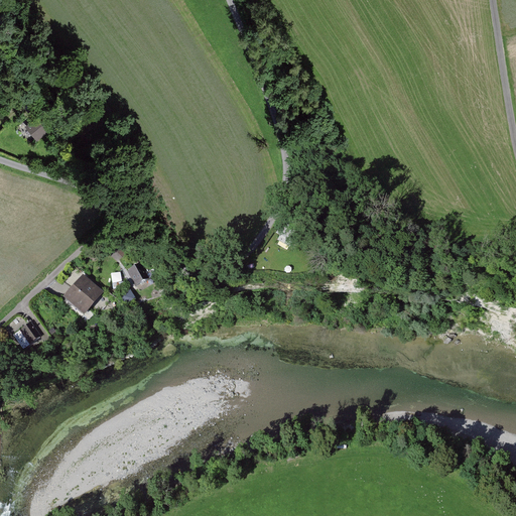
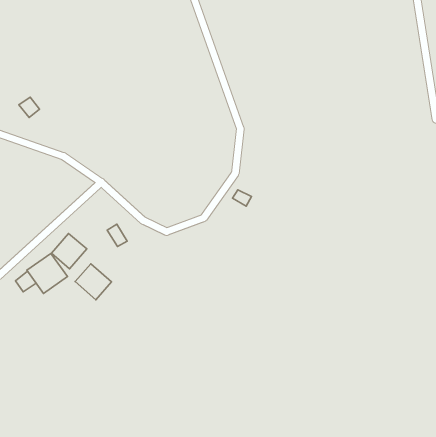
building: none -> [27,253,68,293]
building: none -> [75,264,111,300]

